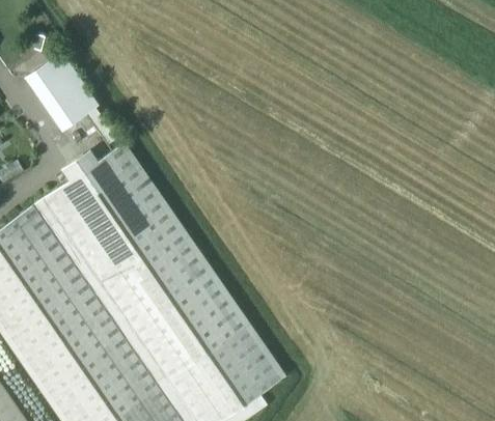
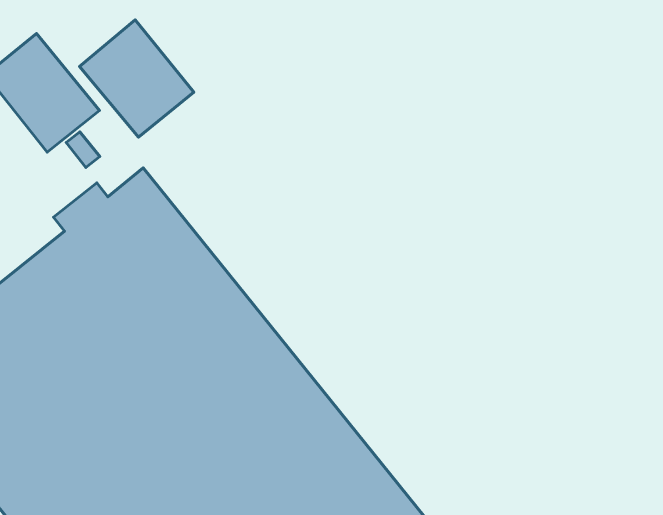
building: none -> [79,20,194,137]

